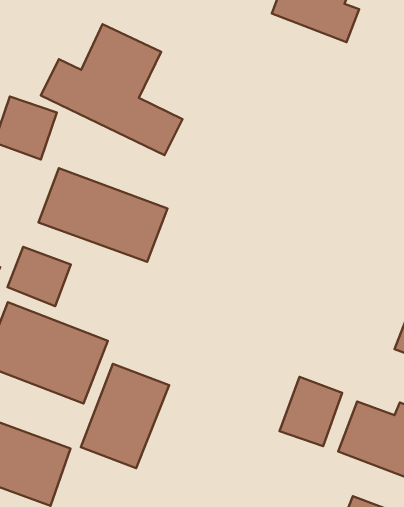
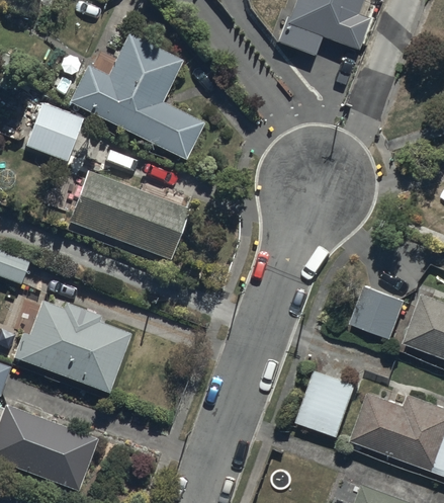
building: [8,247,71,306] -> none
building: none -> [351,285,408,340]
building: [81,364,169,468] -> none

